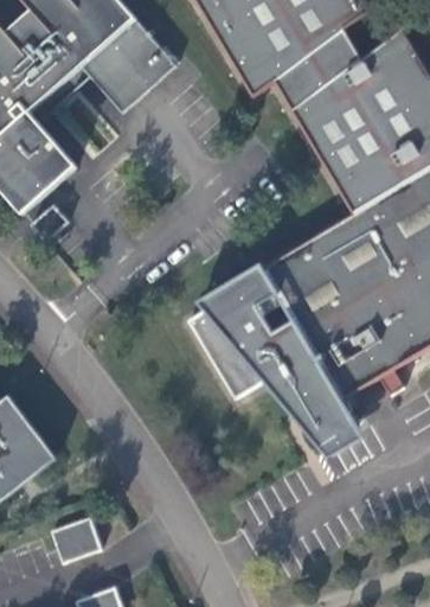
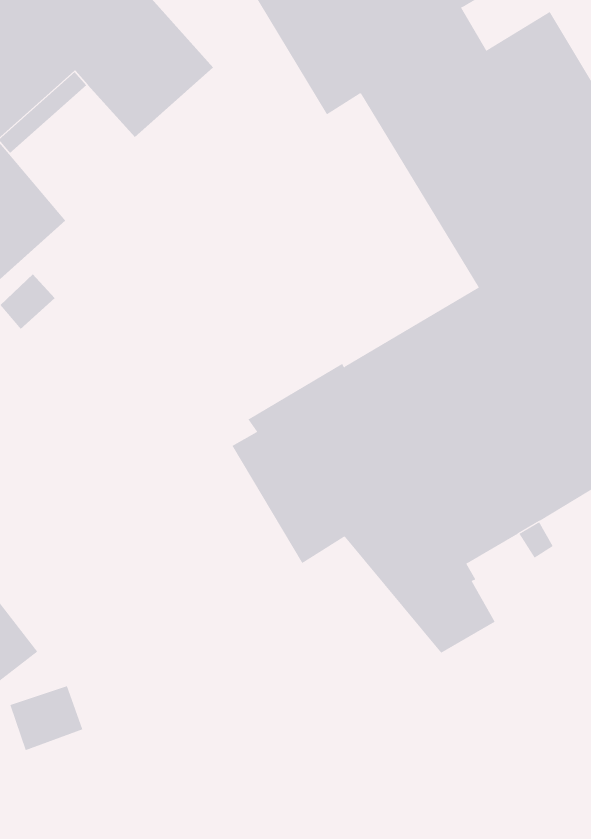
building: [50,518,100,562] -> [9,686,83,751]

